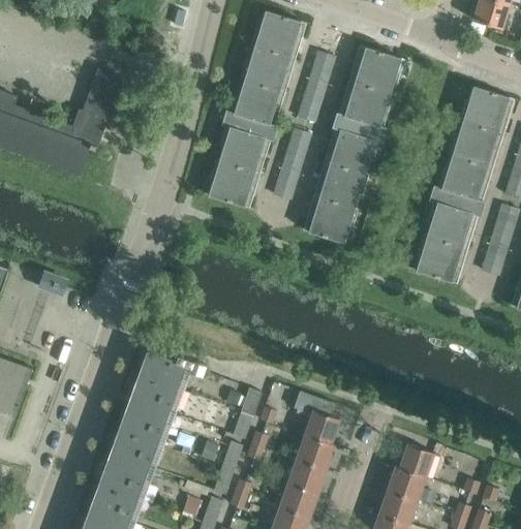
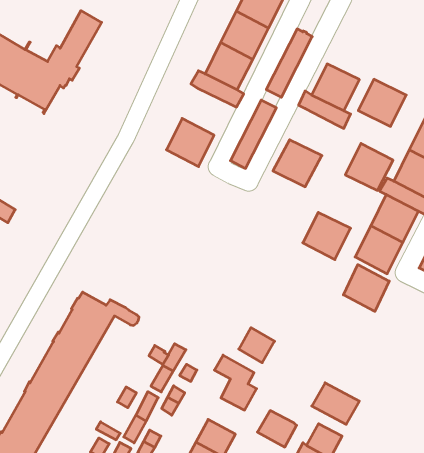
building: [355,48,400,92] -> [358,79,406,126]
building: [218,128,264,173] -> none
building: [330,130,375,175] -> [345,143,393,190]
building: [308,198,354,243] -> [303,212,351,260]
building: none -> [343,265,389,311]
building: none -> [239,328,275,363]
building: none -> [312,383,359,424]
building: [296,435,334,469] -> [257,411,297,447]

